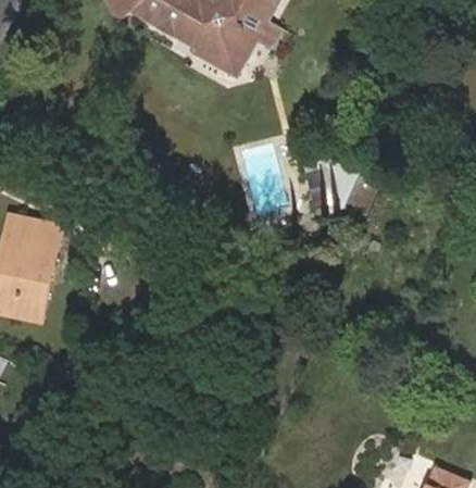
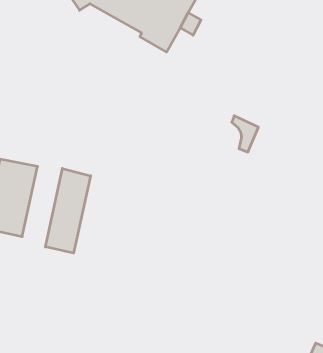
building: none -> [45,168,91,253]

